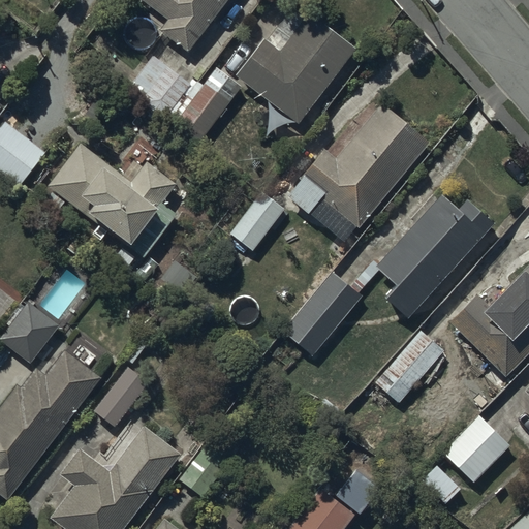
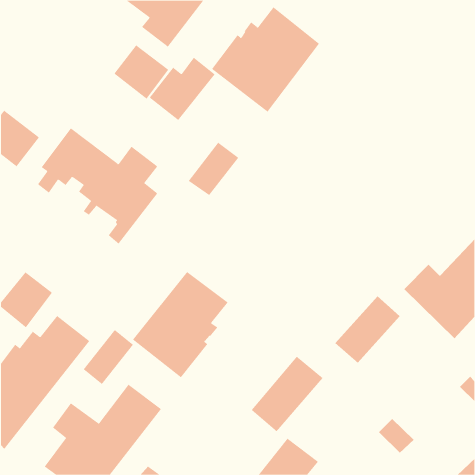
building: [288,102,430,228] -> none
building: [228,191,285,251] -> [188,142,239,196]
building: [375,193,495,320] -> none
building: [282,272,363,356] -> [251,356,323,432]
building: none -> [132,271,228,378]
building: [441,414,509,484] -> none

